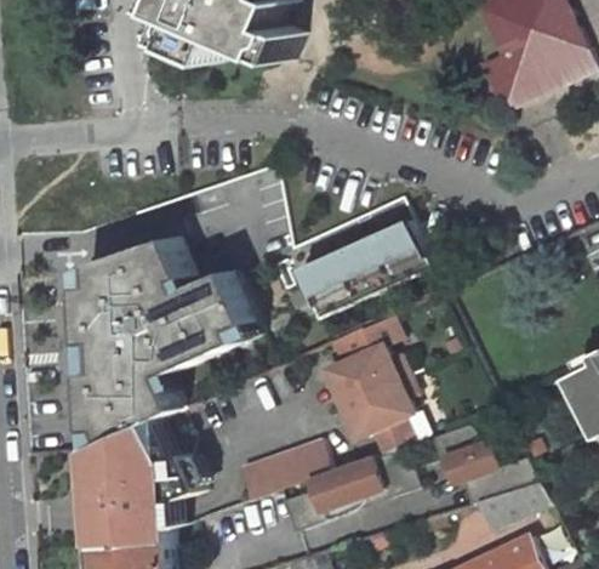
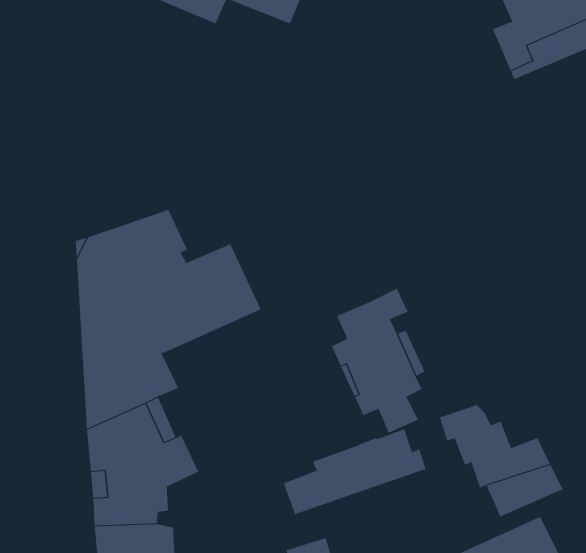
building: [293,218,427,318] -> none
building: [234,438,325,497] -> none

